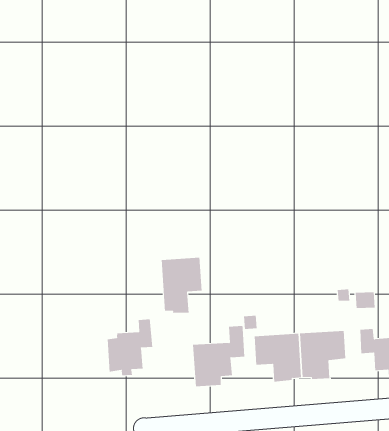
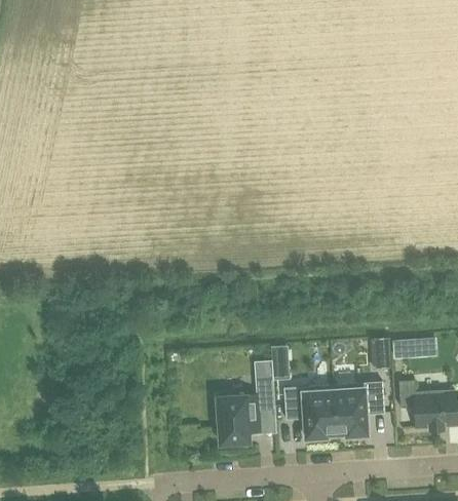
building: [161,257,202,314] -> none
building: [107,319,153,376] -> none

